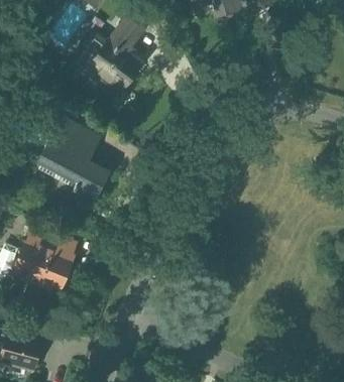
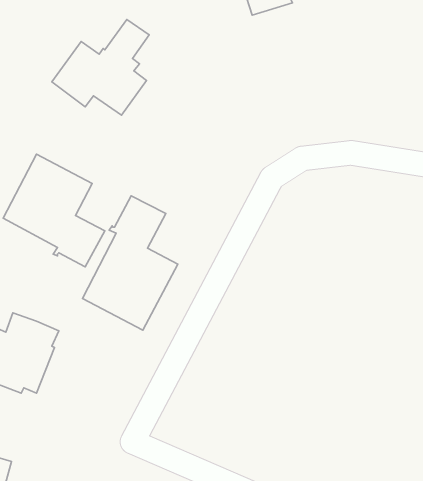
building: none -> [82,196,178,330]

